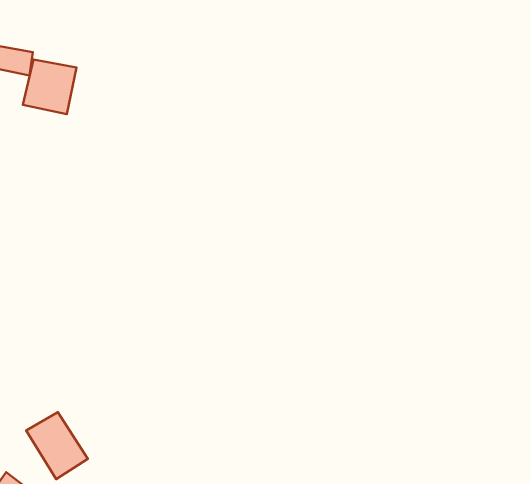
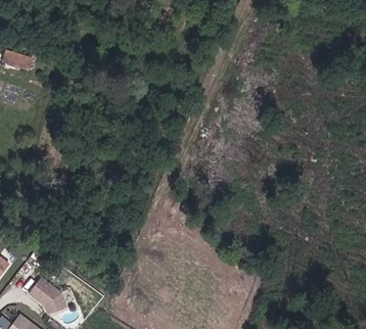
building: [23,59,76,114] -> none

